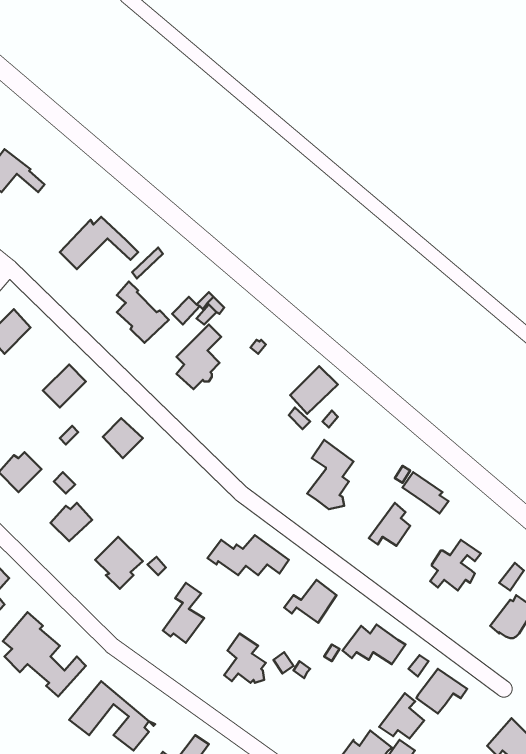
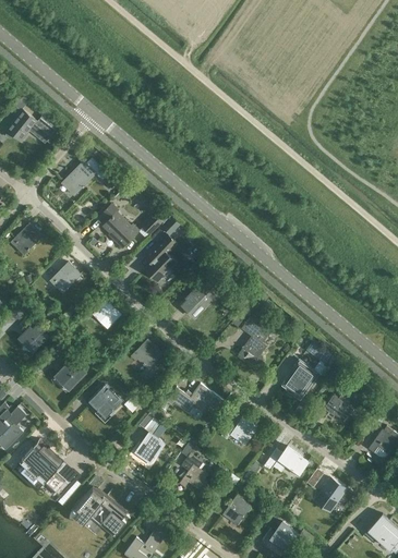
building: [290,366,338,414] -> [182,284,216,318]
building: none -> [132,341,161,379]
building: none -> [221,495,251,525]
building: [379,693,424,738] -> none

